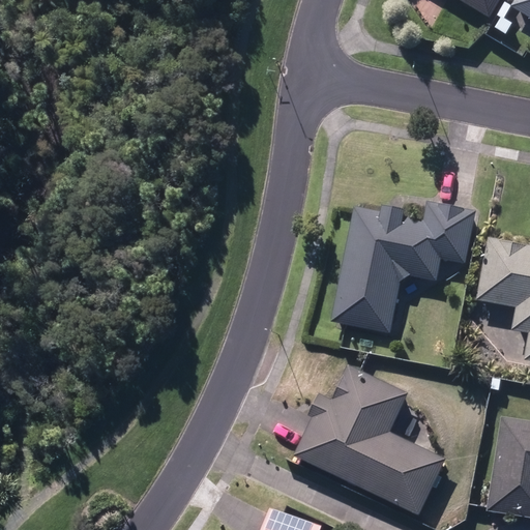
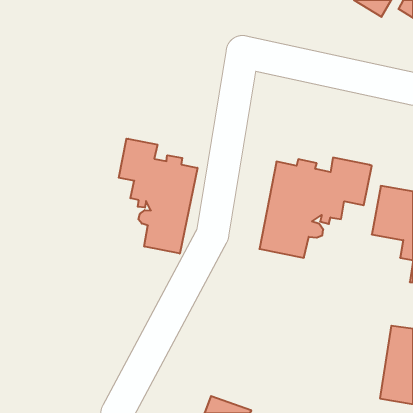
building: none -> [119,139,197,254]
building: [294,365,446,514] -> none

